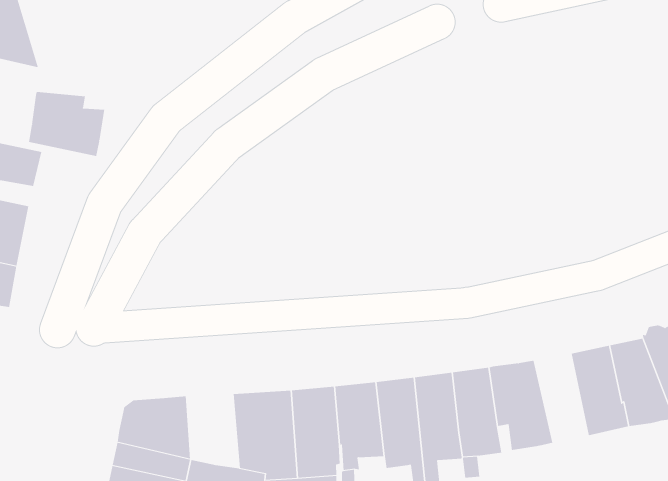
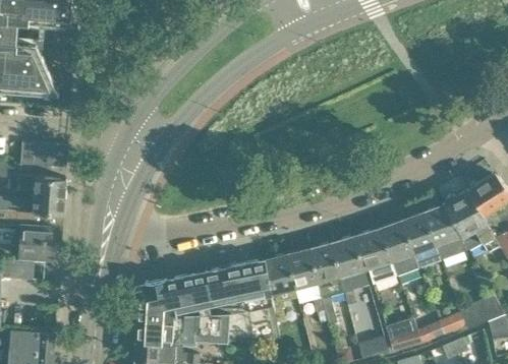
building: [28,91,105,157] -> none
building: none -> [379,221,417,276]
building: none -> [174,274,212,317]

